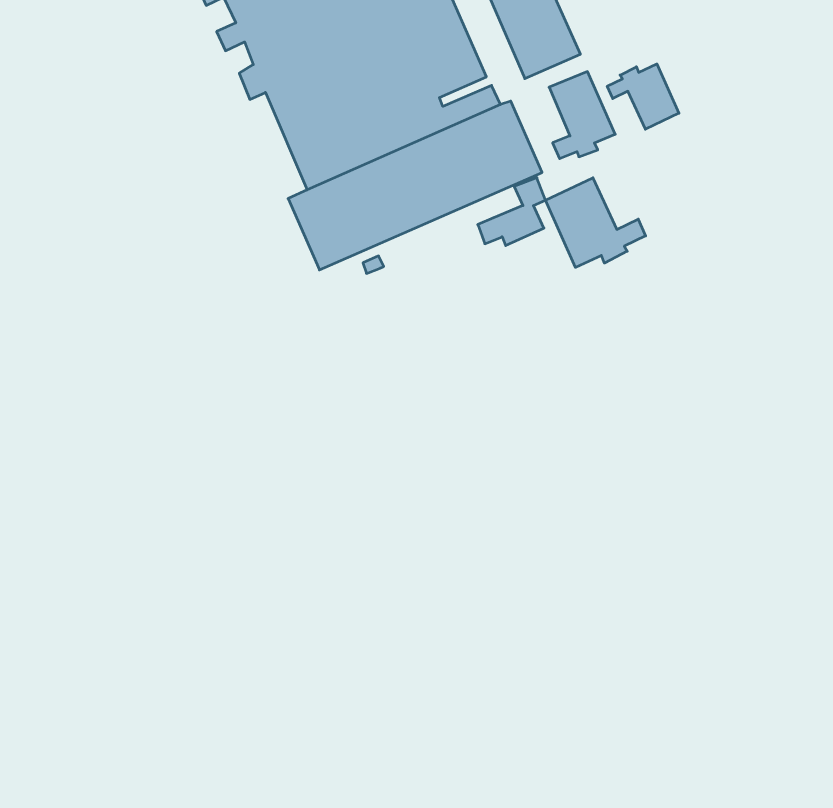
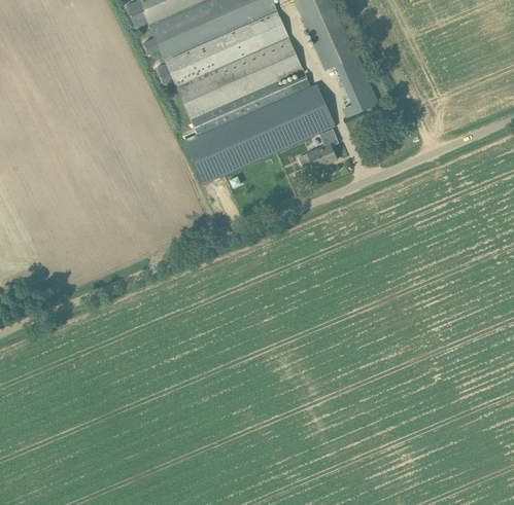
building: [607,64,679,129] -> none
building: [546,178,646,267] -> none

